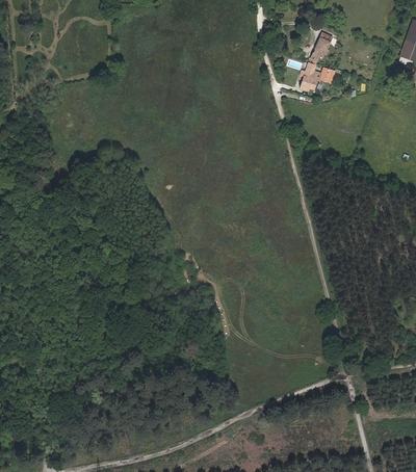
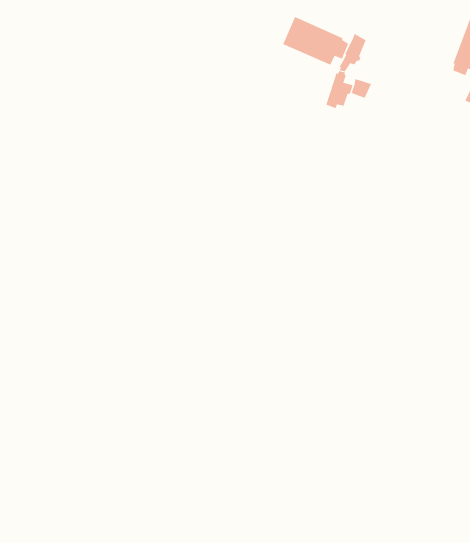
building: none -> [282,16,349,66]

